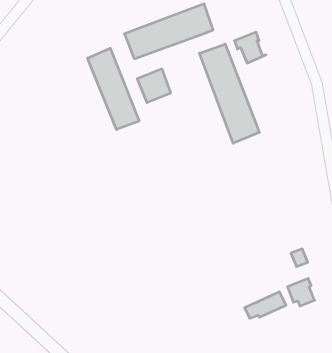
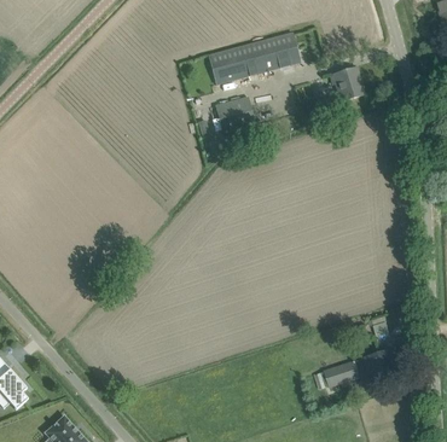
building: [199,44,259,143] -> none
building: [88,48,139,130] -> none

